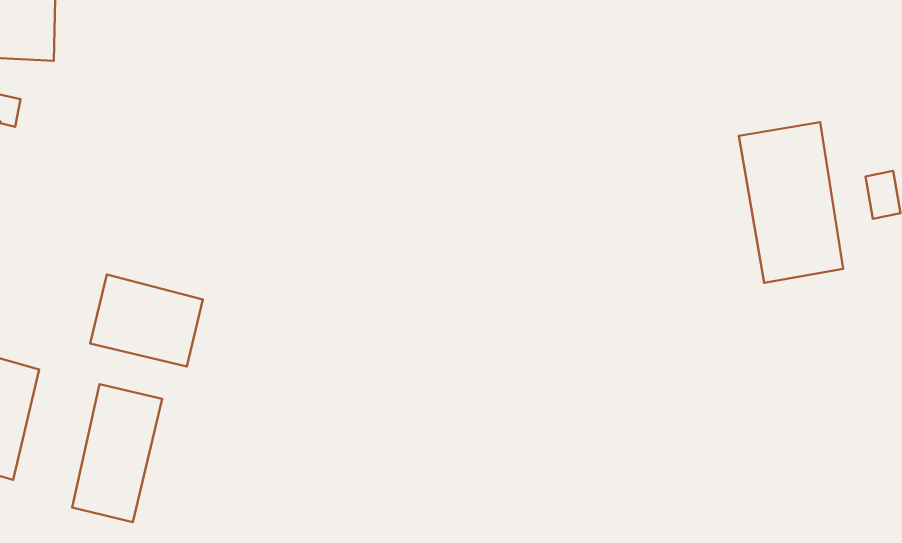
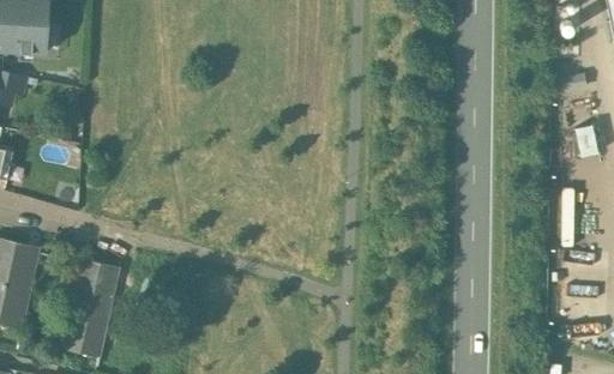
building: [739,122,843,283] -> none
building: [90,275,203,366] -> none

